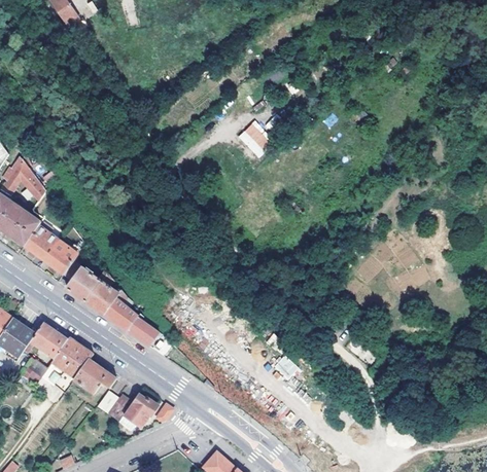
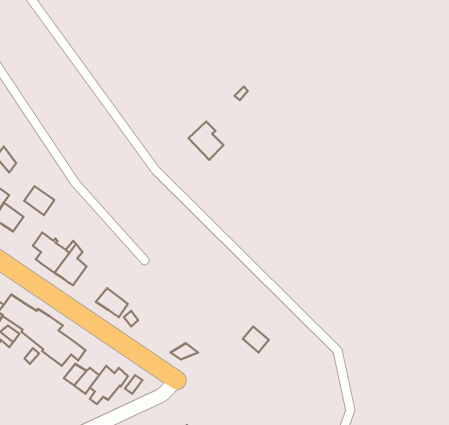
building: [238,120,273,158] -> [188,122,224,160]
building: [45,246,75,275] -> [24,186,54,215]
building: [105,290,140,330] -> none

